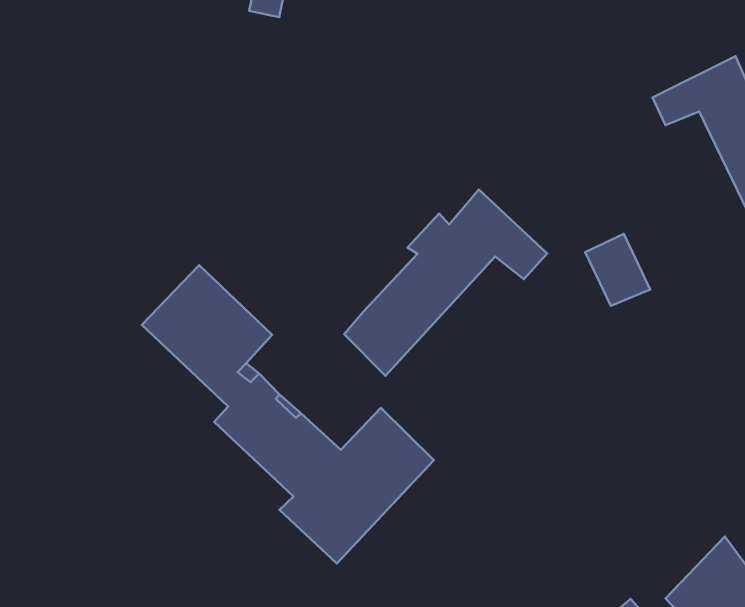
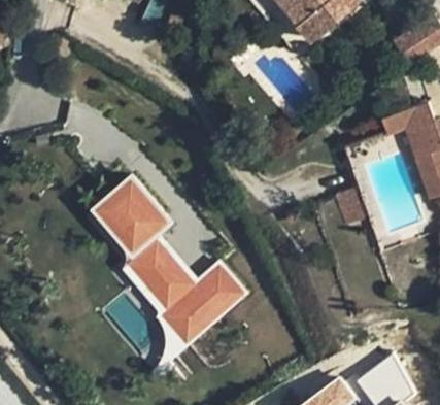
building: [344,190,547,376] -> none

